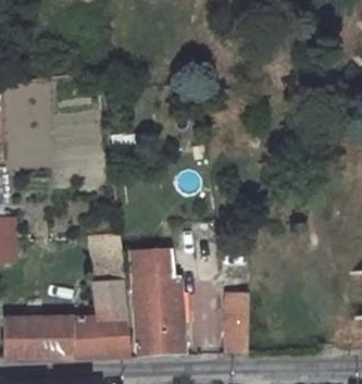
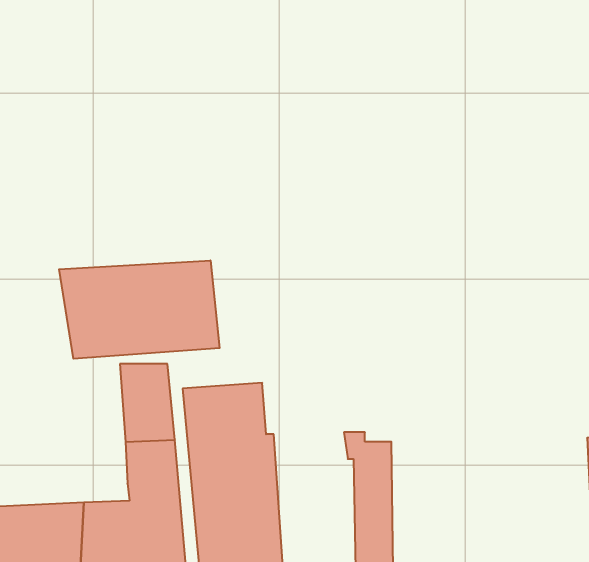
building: none -> [59,260,220,359]

